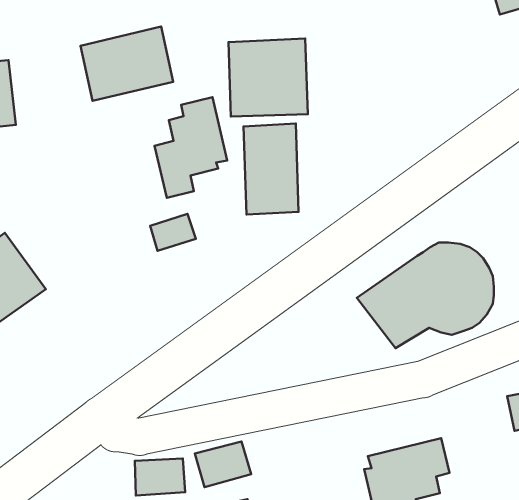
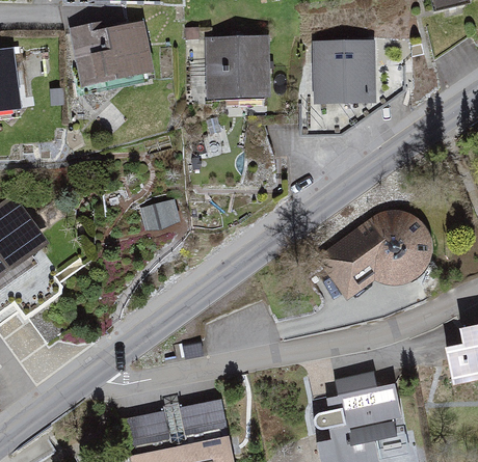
building: none -> [317,40,376,101]
building: [154,97,227,198] -> none
building: [244,124,299,215] -> none

